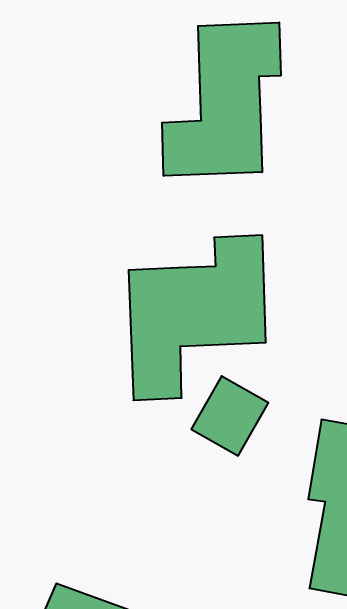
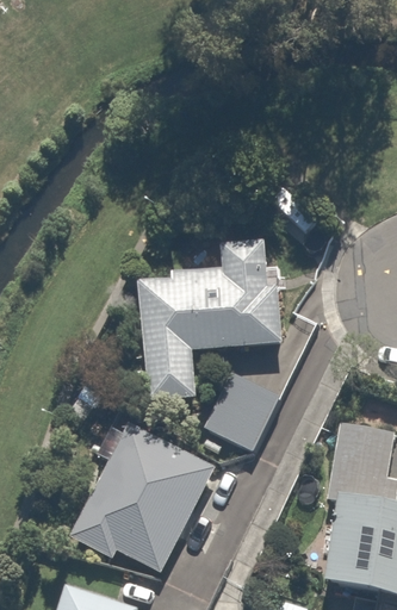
building: [162,22,281,176] -> none
building: none -> [68,421,211,574]

